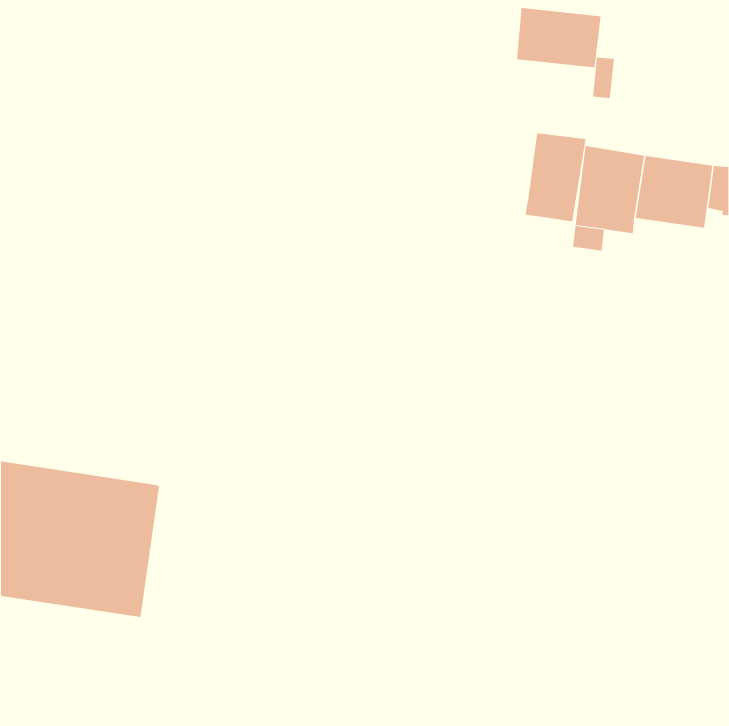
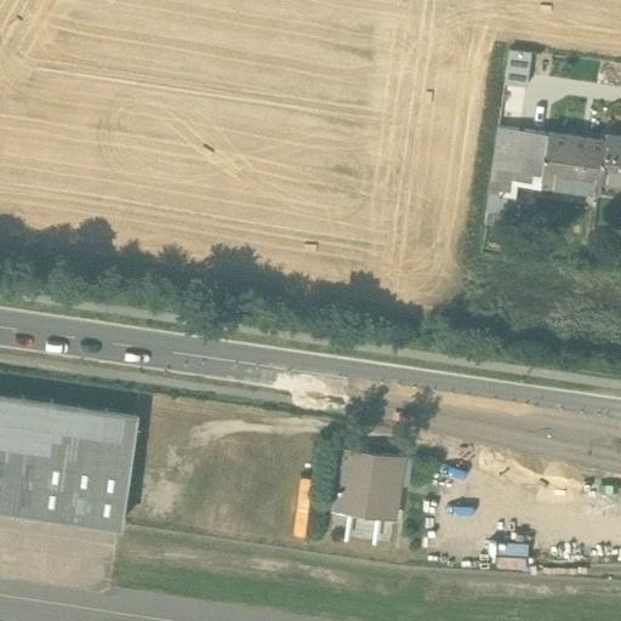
building: [517,7,601,68] -> none
building: [525,133,586,222] -> none
building: none -> [332,452,410,523]

